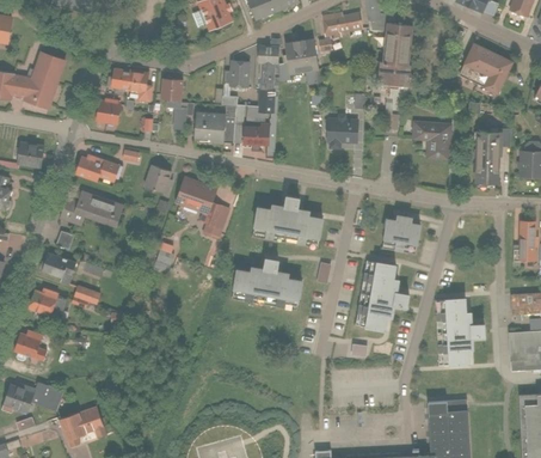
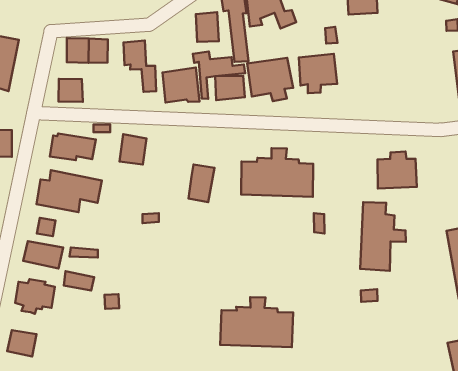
building: none -> [247,58,293,101]
building: [412,120,453,160] -> none
building: [174,176,217,212] -> none
building: [233,258,306,311] -> [220,297,293,347]

